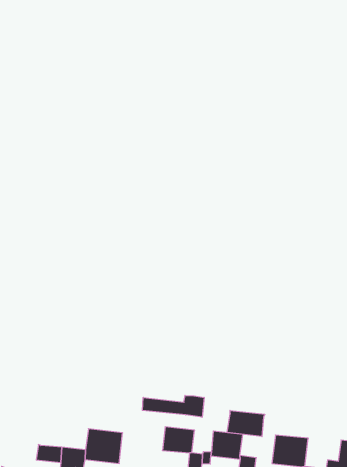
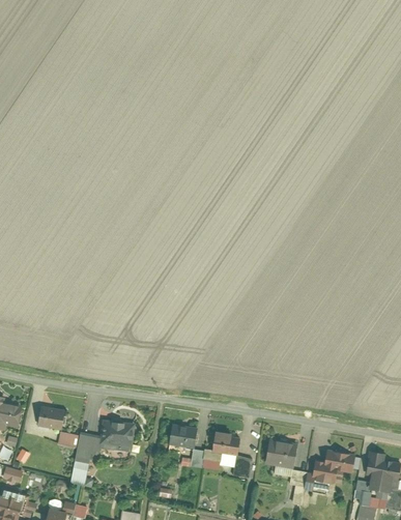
building: [142,395,204,417] -> none
building: [227,410,265,437] -> none
building: none -> [36,407,64,432]

